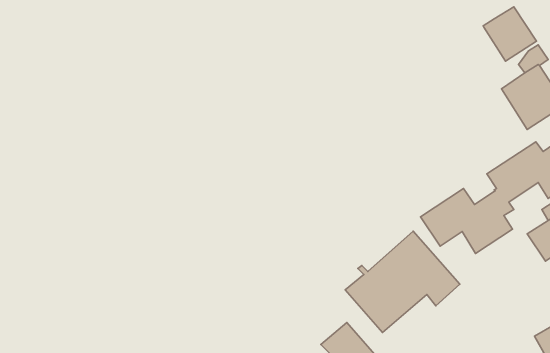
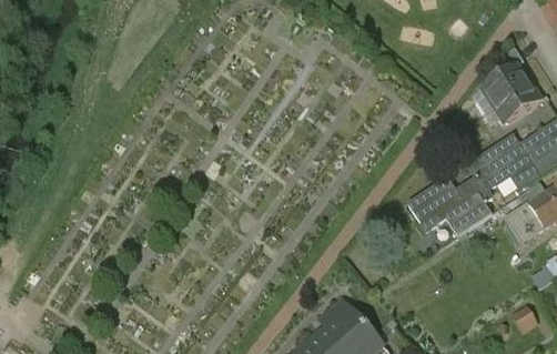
building: [483,7,536,61] -> none
building: [345,231,460,333] -> none

